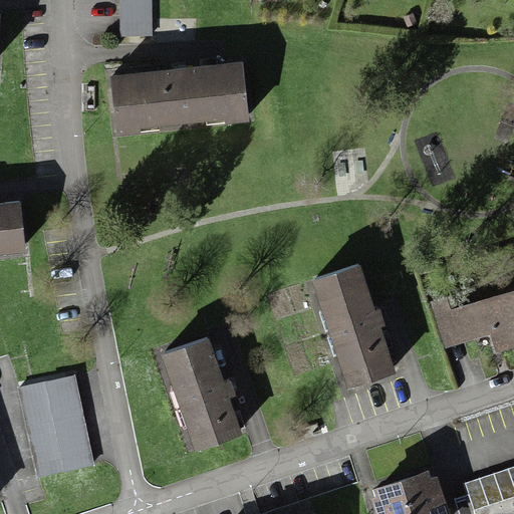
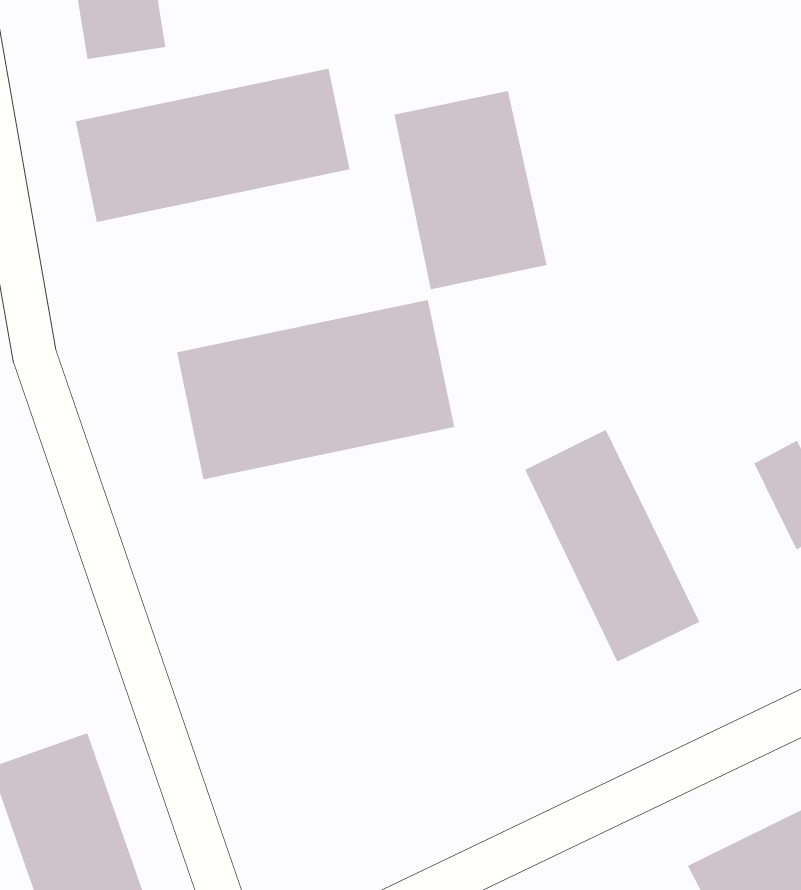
building: none -> [393,90,547,290]
building: none -> [176,299,455,480]
building: [159,340,241,453] -> none

